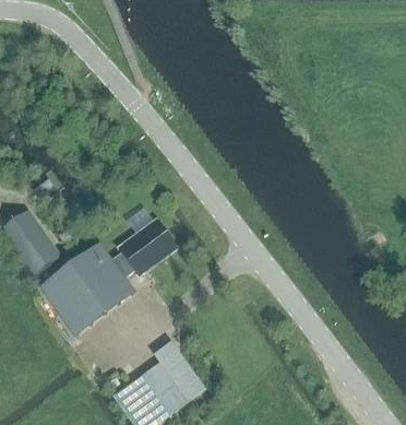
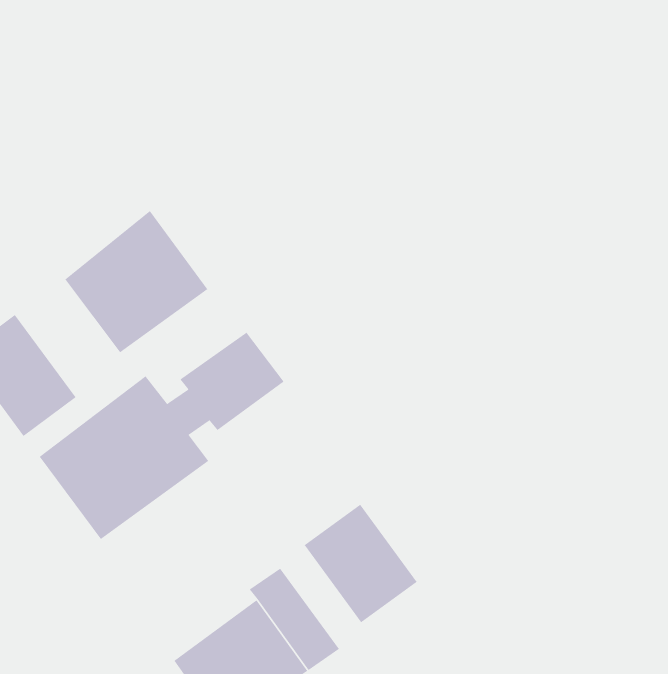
building: none -> [64,210,208,353]
building: none -> [304,504,417,623]

